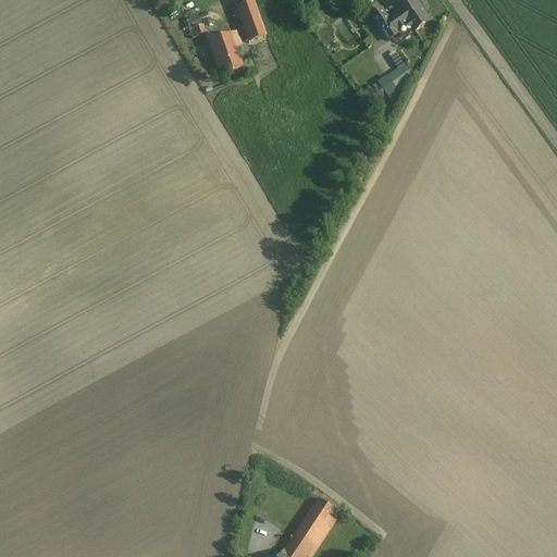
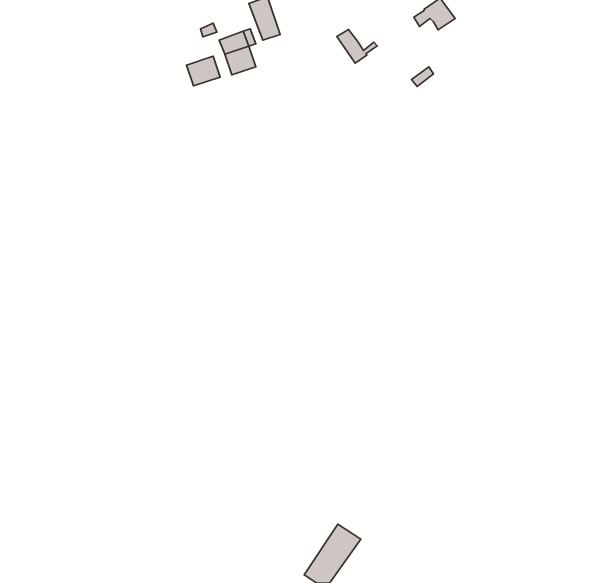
building: [371,5,409,37] -> [337,30,377,63]
building: none -> [186,56,220,86]

